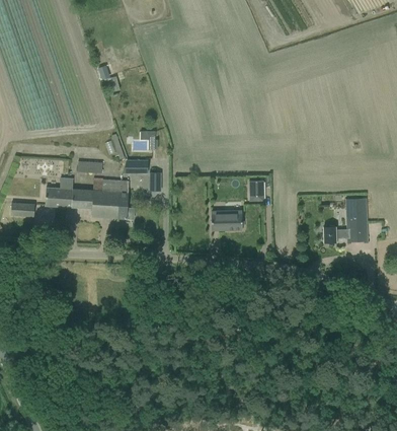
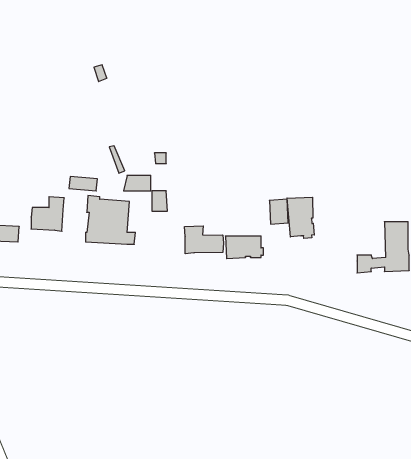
building: none -> [287,197,314,238]
building: [71,190,94,209] -> none
building: none -> [185,226,224,254]

